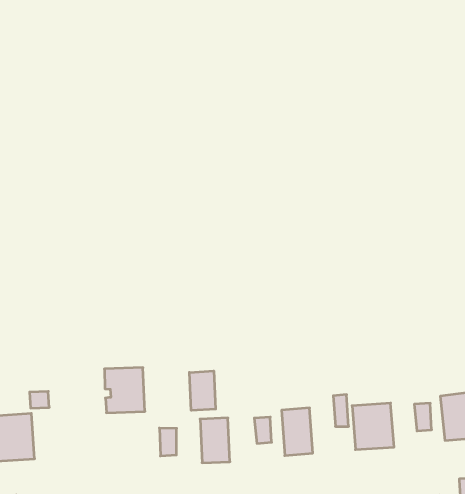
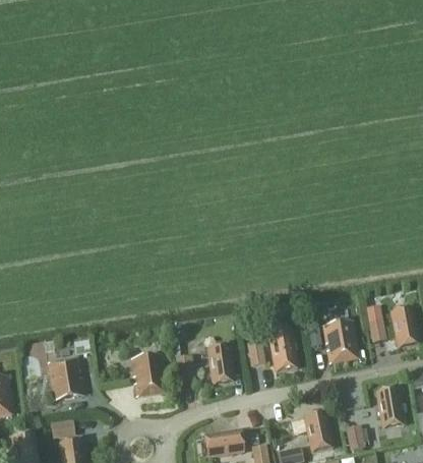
building: [104,368,145,413] -> [131,356,166,394]
building: [189,371,216,410] -> none

